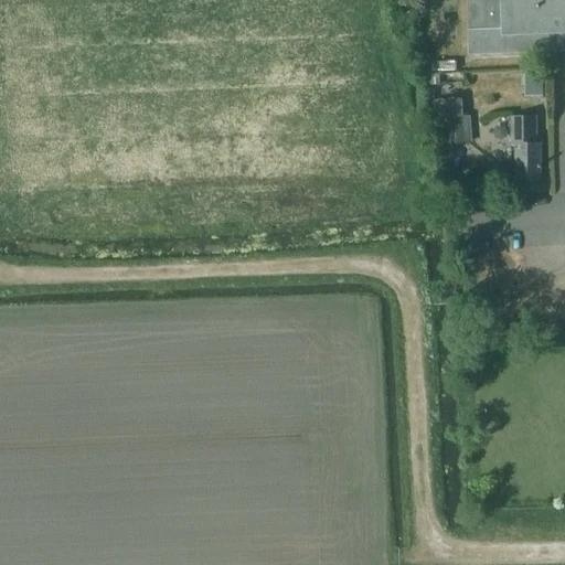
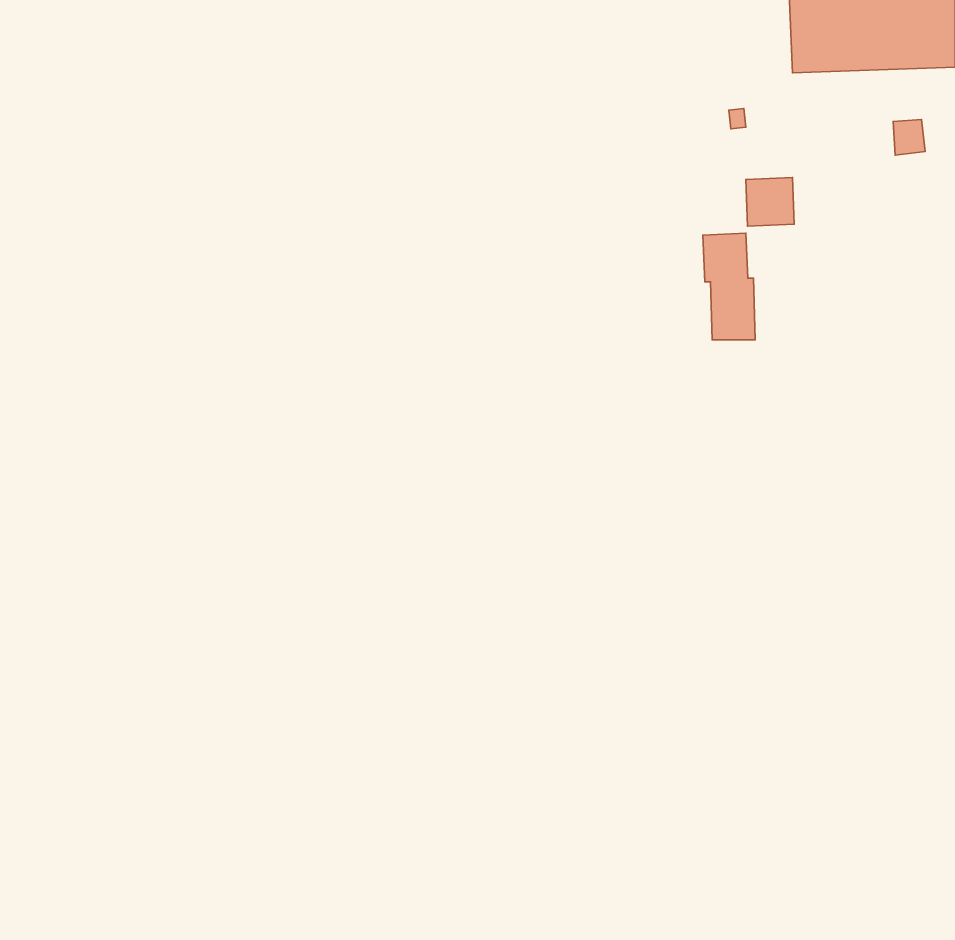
building: [511,108,542,171] -> [703,233,755,340]

